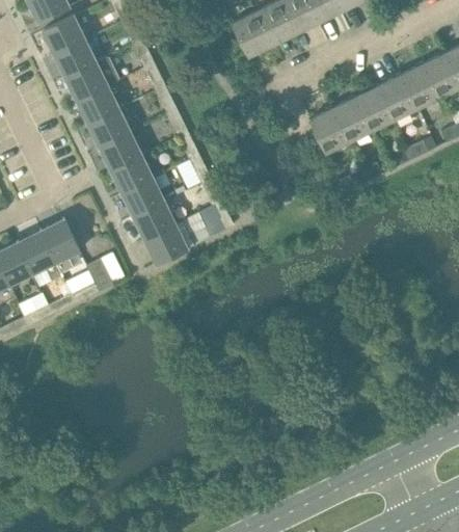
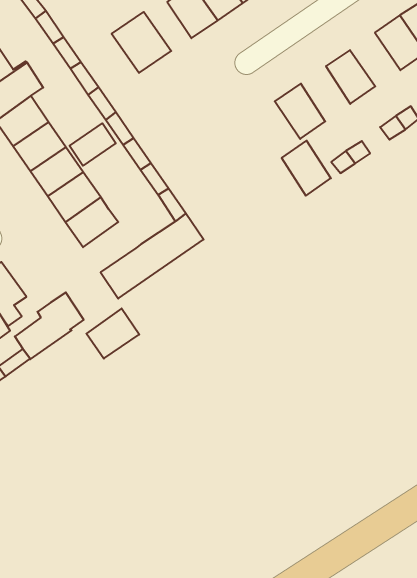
building: none -> [112,12,171,73]
building: [378,74,417,118] -> none
building: [333,96,372,141] -> [282,141,331,196]
building: none -> [70,123,116,166]
building: [133,200,177,239] -> [86,308,139,359]

